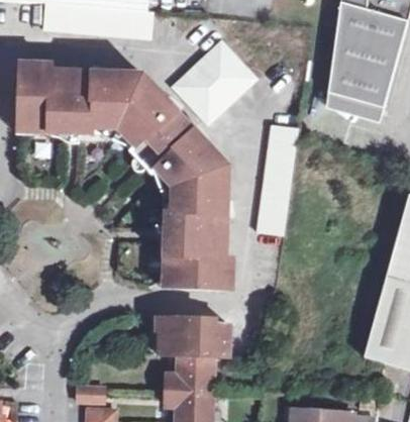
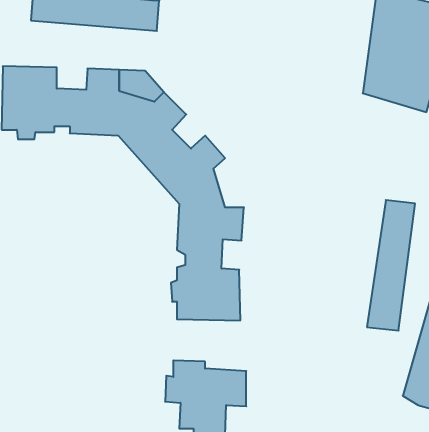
building: [171,39,255,123] -> none
building: [257,124,298,236] -> [367,200,415,331]
building: [201,148,228,191] -> none

